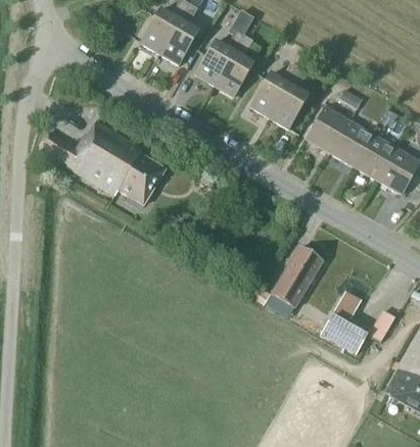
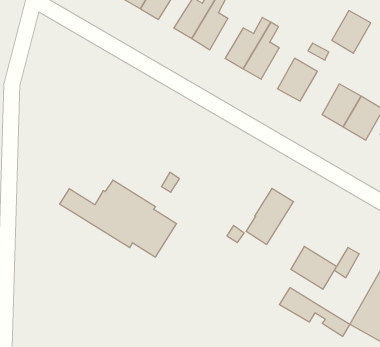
building: [330,120,372,166] -> [332,11,371,53]
building: [38,121,164,204] -> [60,180,177,257]
building: none -> [279,288,350,336]

